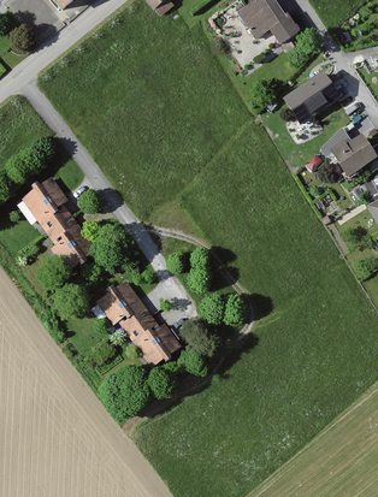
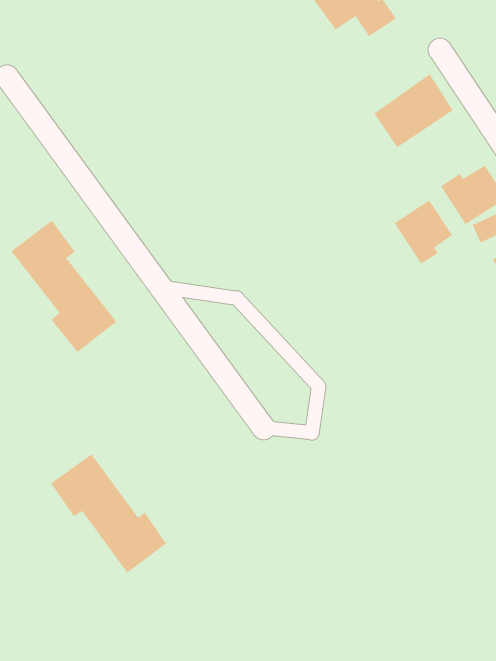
building: none -> [394,199,453,264]
building: [95,279,179,366] -> [50,454,167,573]

